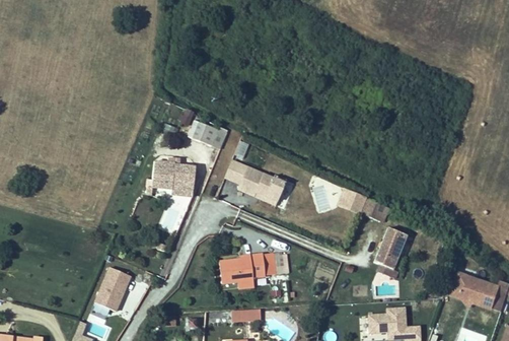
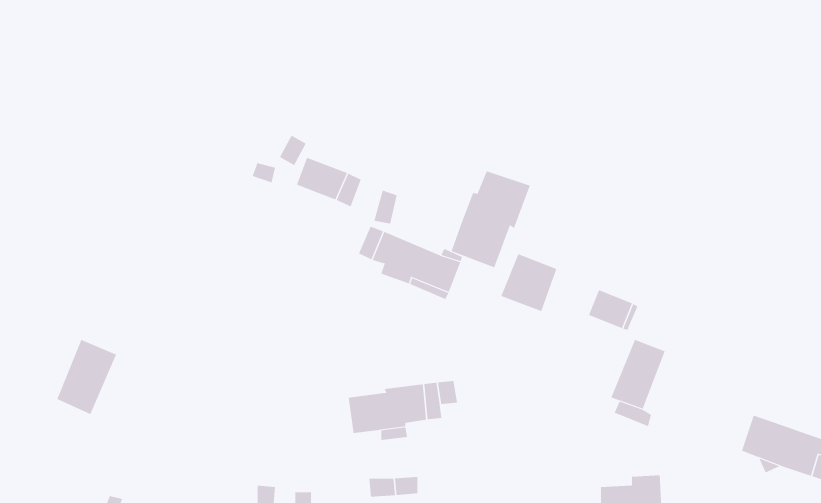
building: none -> [451,171,530,268]
building: [152,157,197,197] -> none
building: [339,190,367,213] -> none
building: [95,266,131,311] -> [57,339,117,415]

